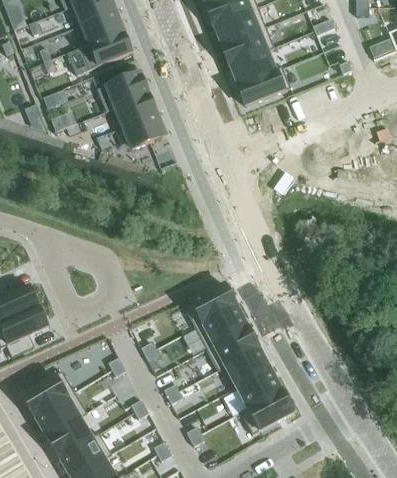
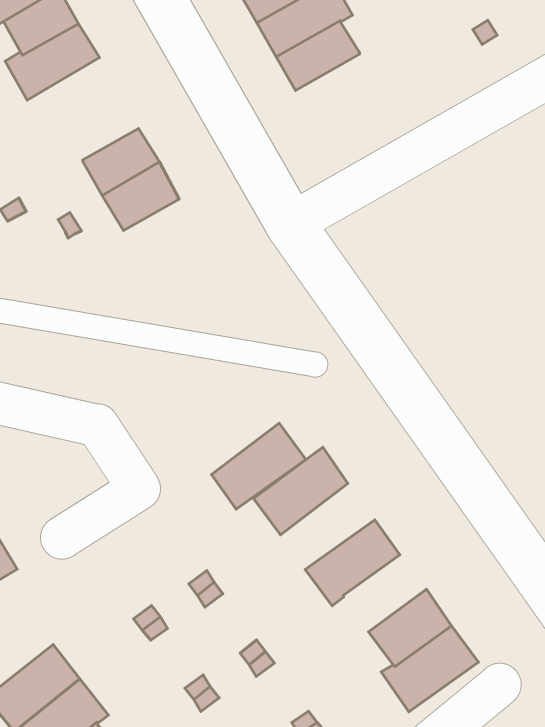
building: [237,66,291,106] -> none
building: [97,72,148,112] -> none
building: [195,305,248,349] -> [211,423,306,509]
building: [225,348,271,388] -> none

